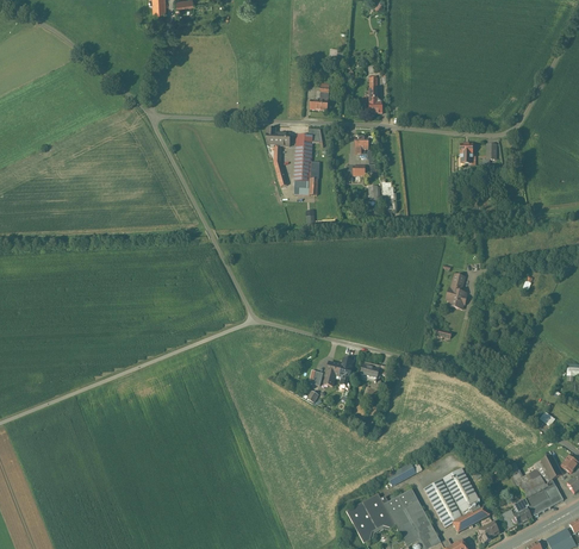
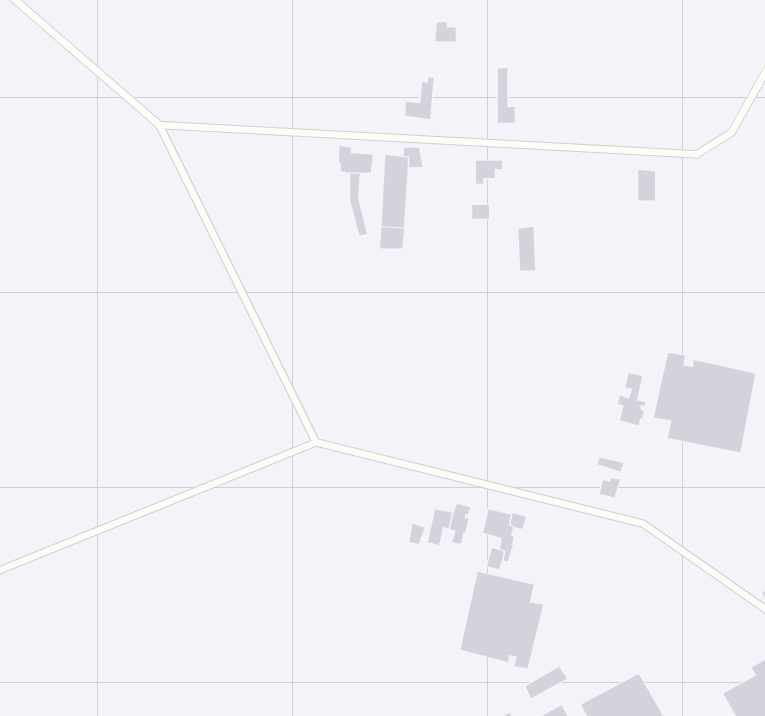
building: none -> [653,352,756,453]
building: none -> [460,571,544,669]

